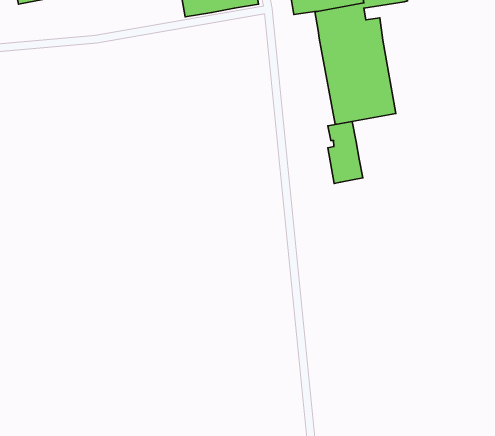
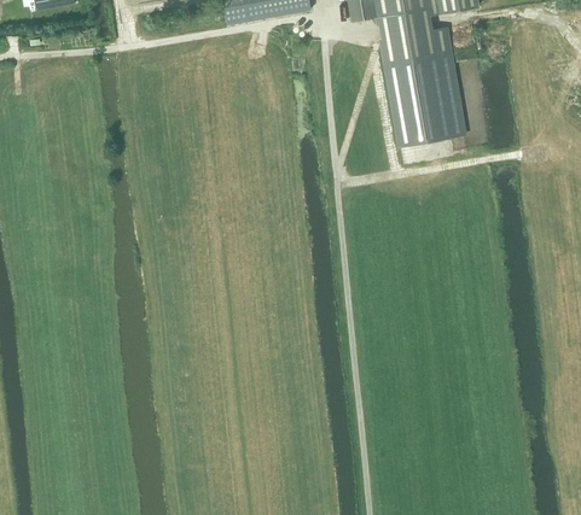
building: [328,122,363,184] -> none

